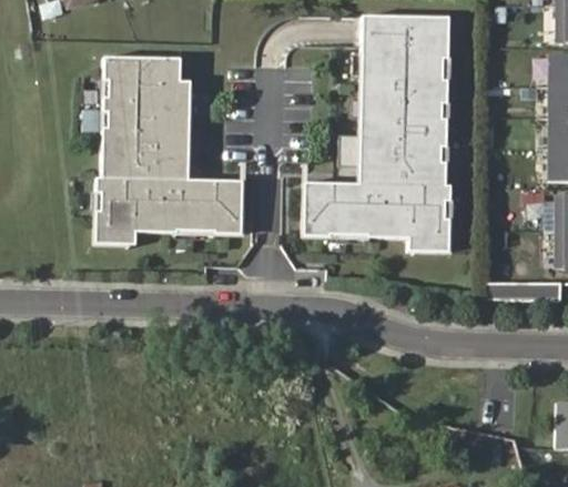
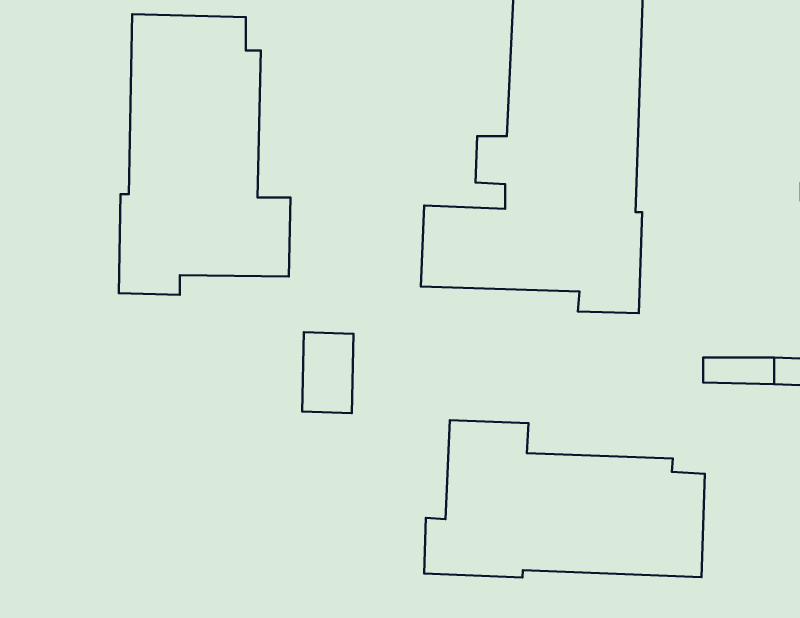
building: [210,177,244,232] -> [302,332,353,413]
building: none -> [424,420,705,578]

